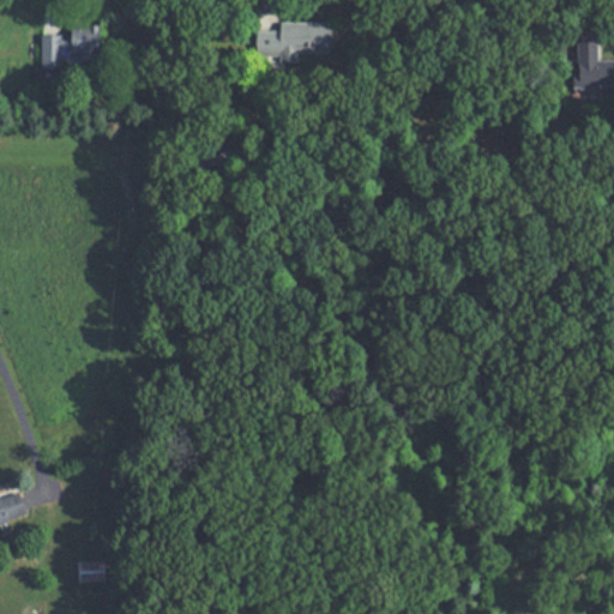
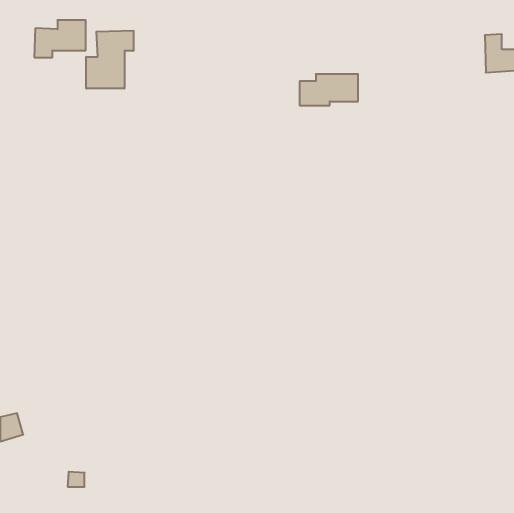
building: [253,22,323,59] -> [300,74,358,105]
building: none -> [86,31,133,89]

